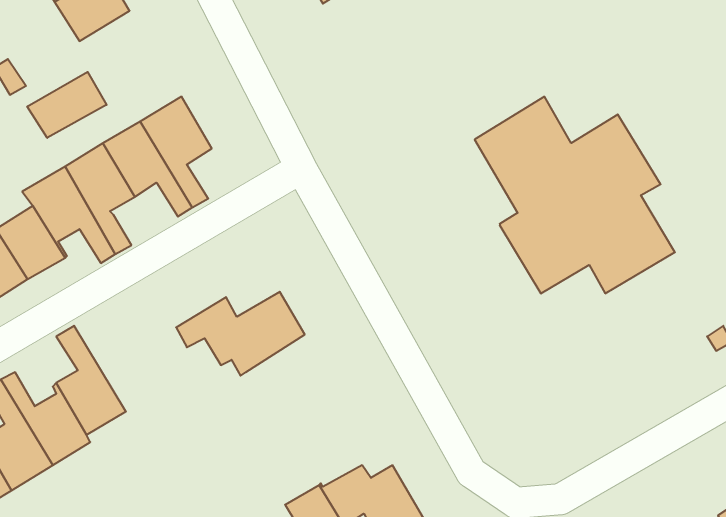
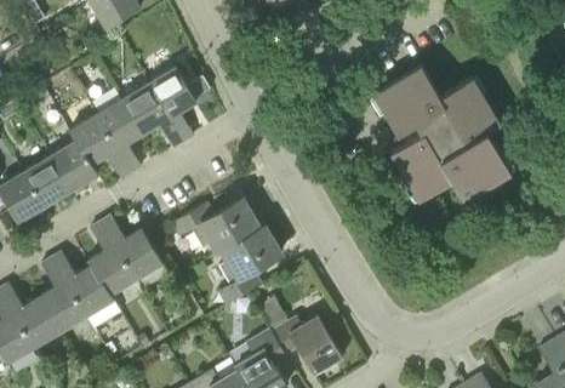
building: [27,72,107,138] -> none
building: none -> [103,217,164,280]
building: none -> [217,226,281,306]

